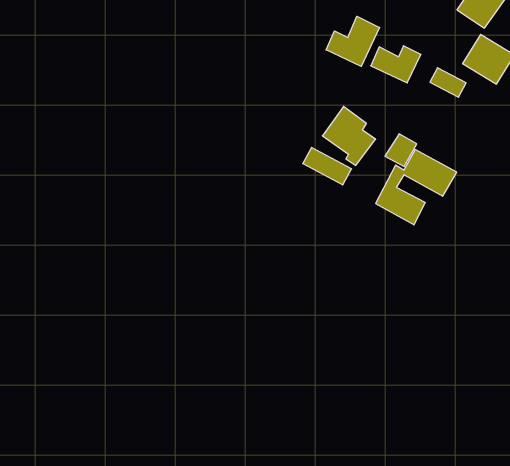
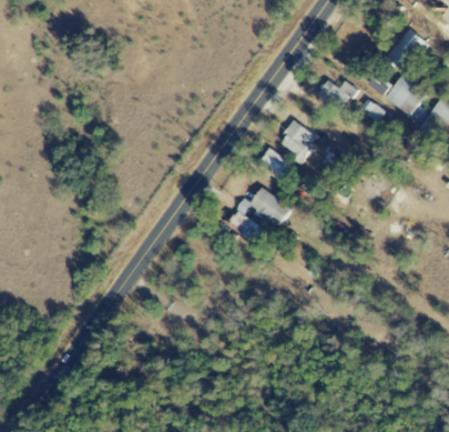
building: [326,16,380,66] -> none
building: [376,149,457,225] -> [227,188,289,243]

